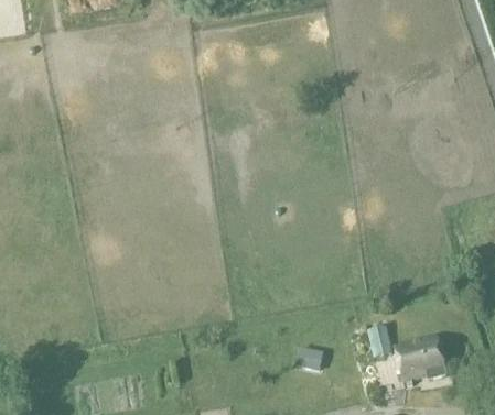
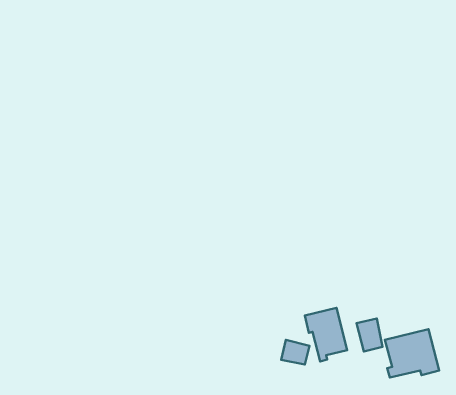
building: none -> [305,308,347,361]

